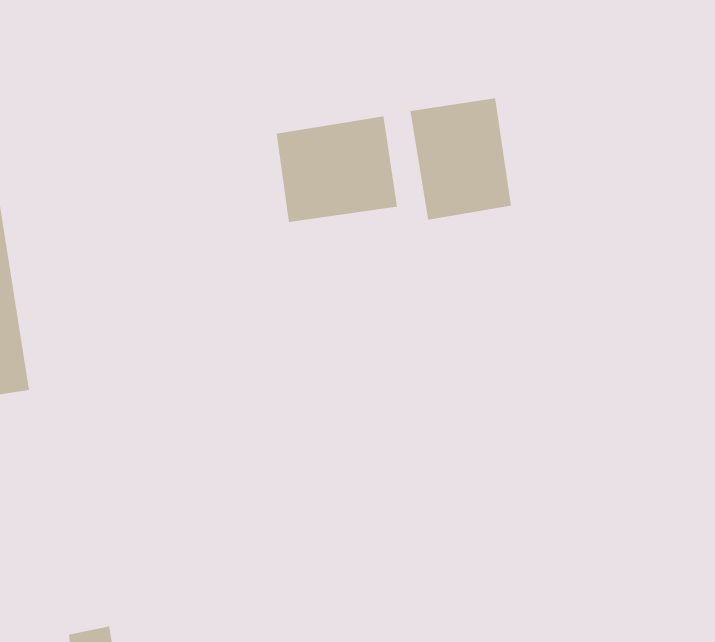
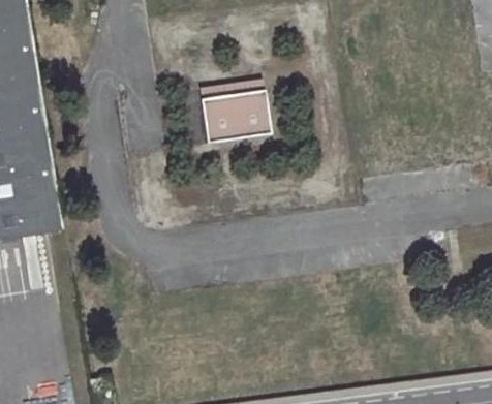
building: [410,97,511,221] -> none

